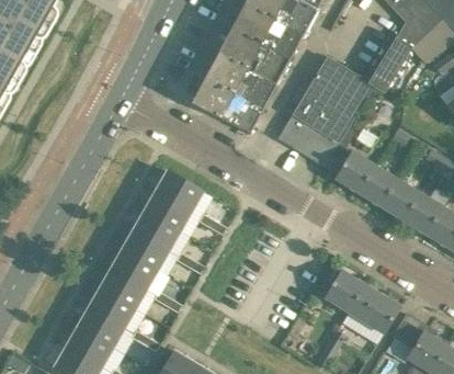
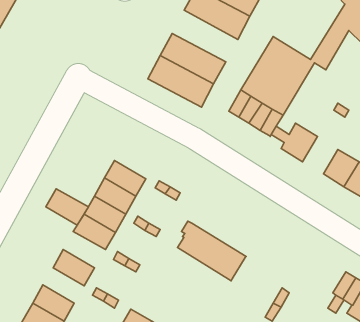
building: [217,27,288,83] -> none
building: [359,165,397,205] -> none
building: [155,170,201,211] -> none
building: [99,268,145,307] -> [46,189,88,225]
building: [325,268,399,332] -> [178,221,246,281]
building: [77,307,122,345] -> none

